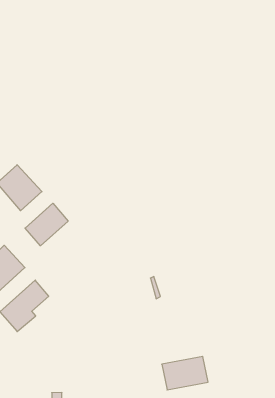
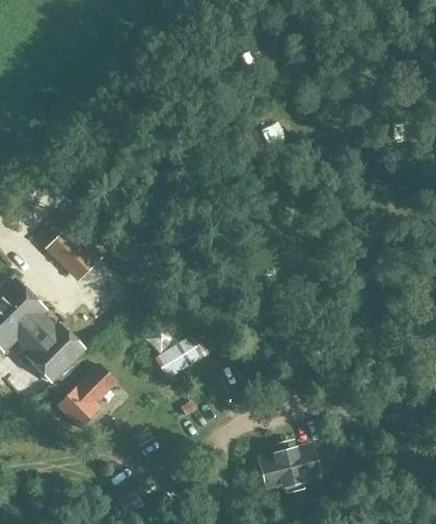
building: [25,203,68,246] -> none
building: none -> [155,335,202,378]

